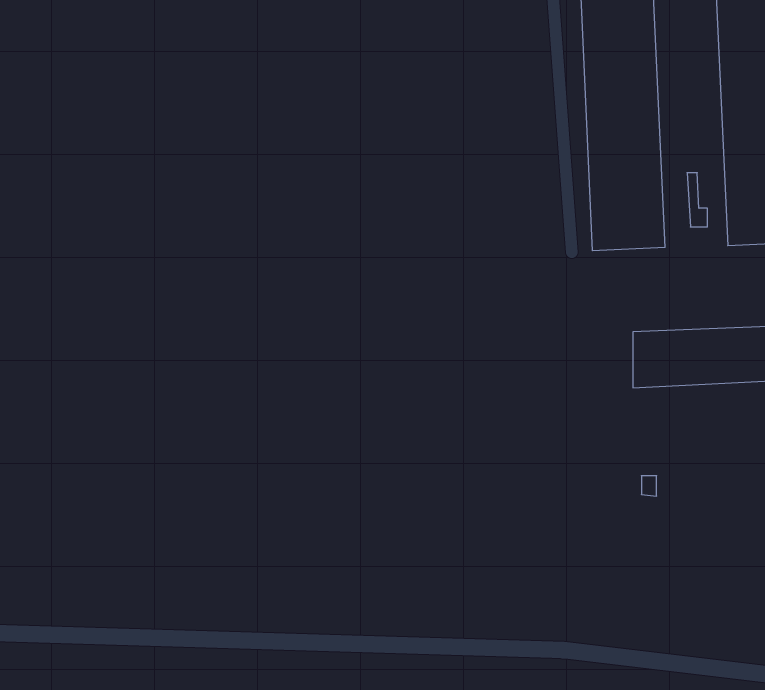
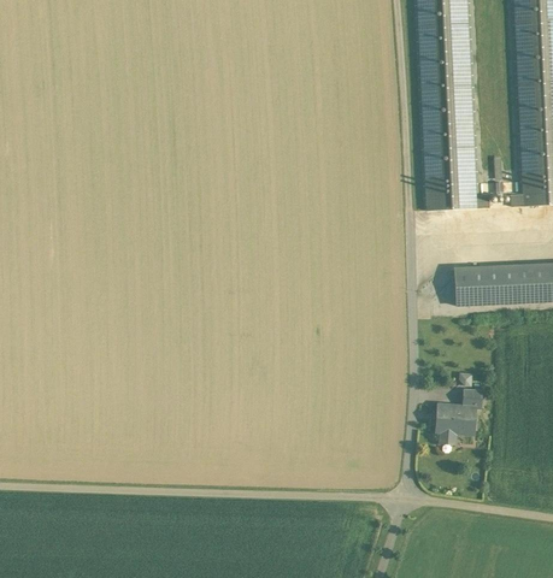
building: none -> [435,401,477,436]

